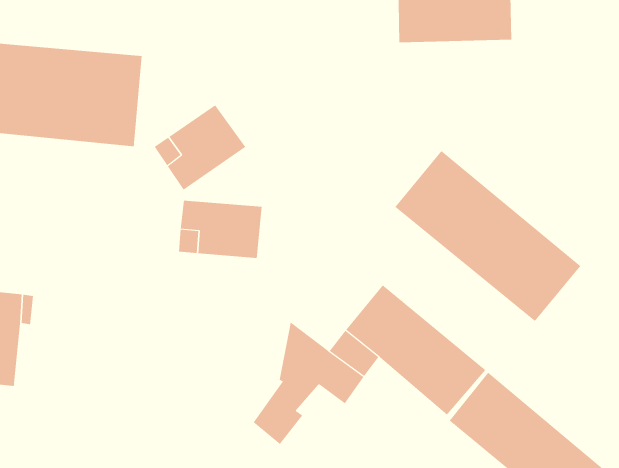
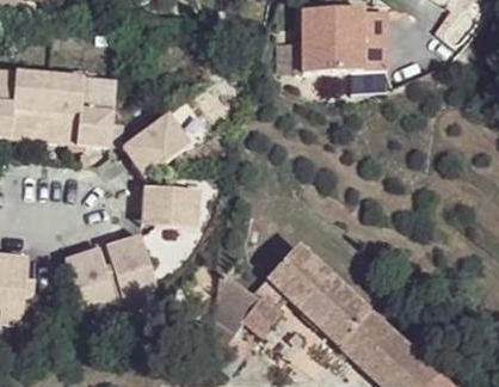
building: [394,150,581,322] -> none
building: none -> [107,234,156,308]
building: none -> [66,246,118,318]

